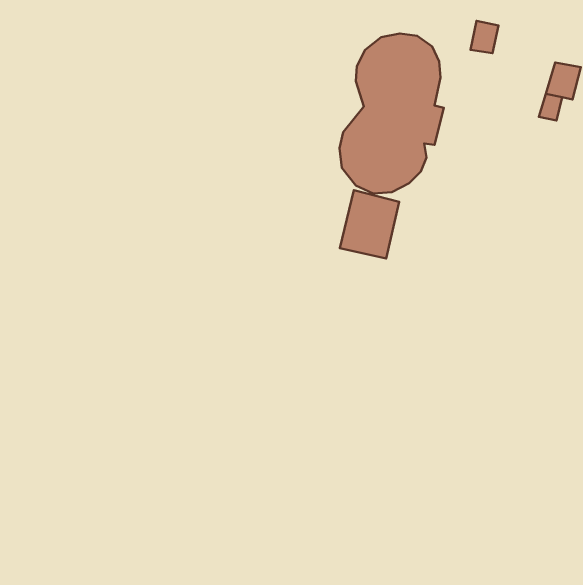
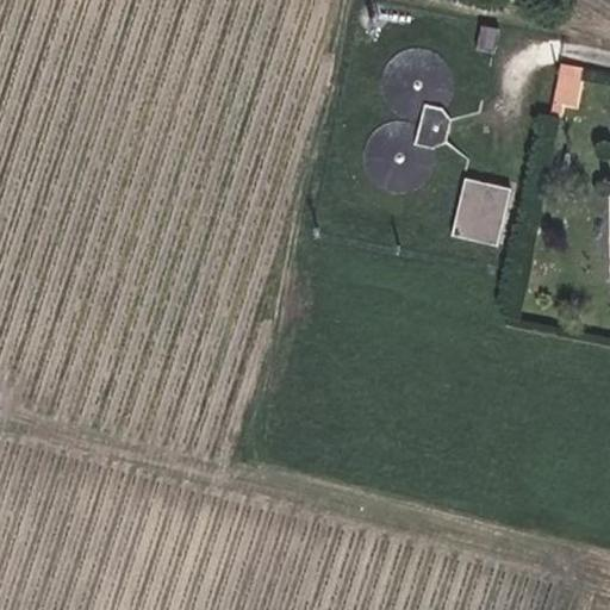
building: [340,190,399,259] -> [447,174,508,244]

